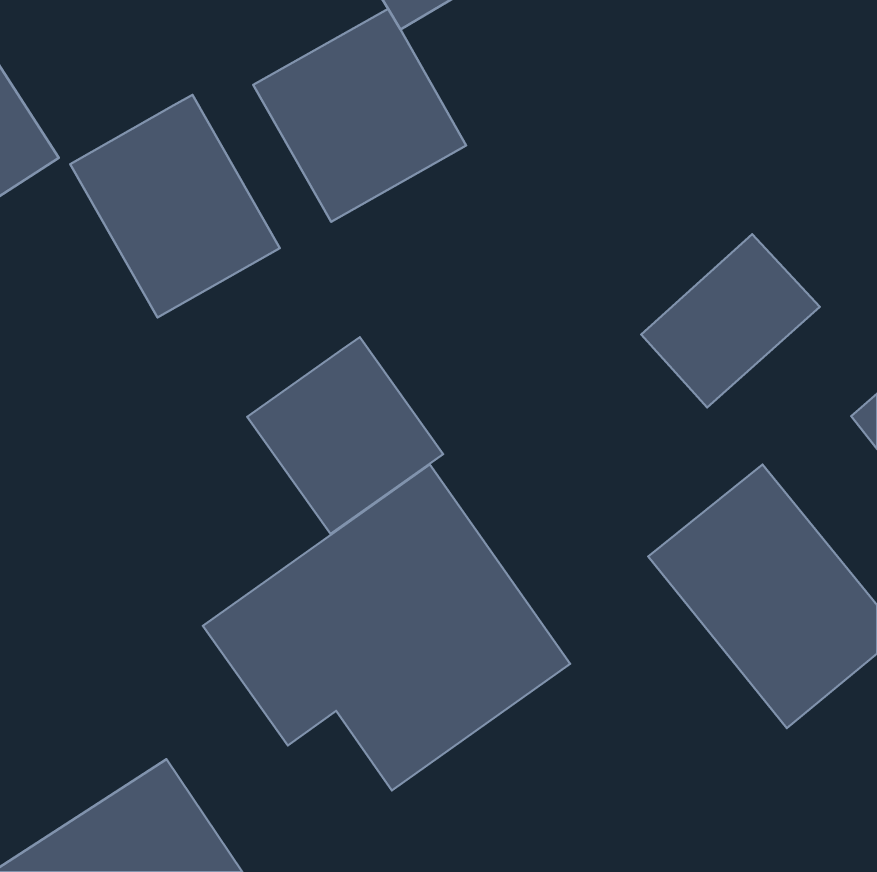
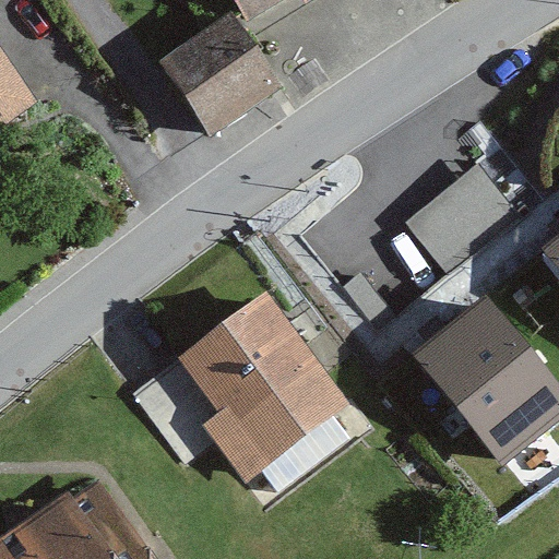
building: [70,95,280,317] -> none
building: [247,337,443,534] -> none

